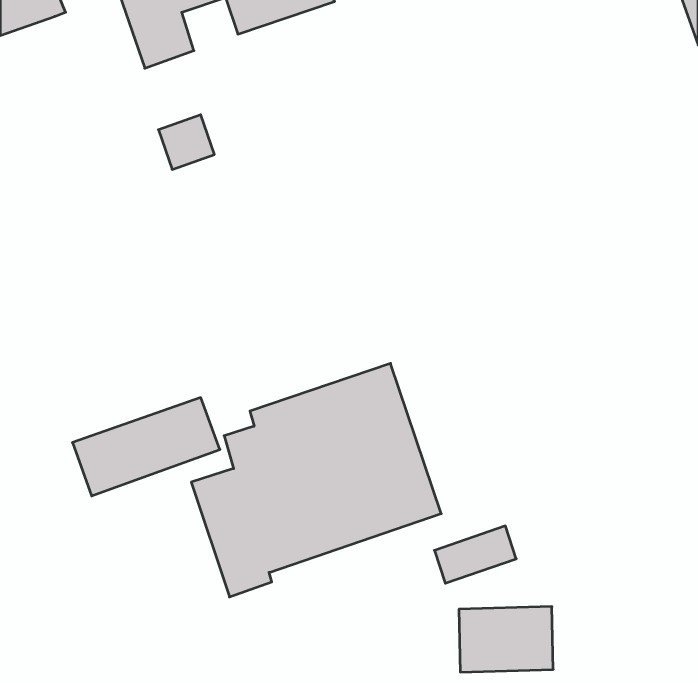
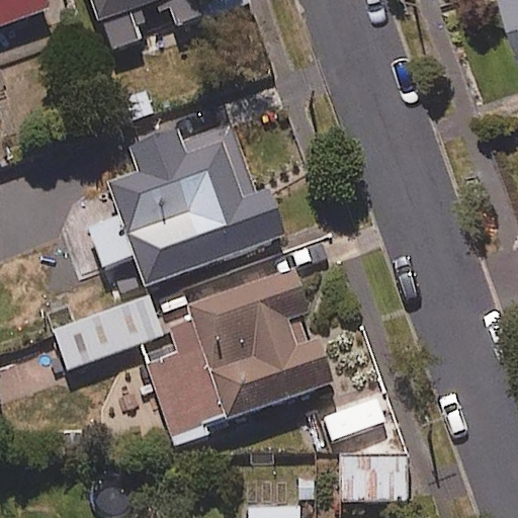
building: none -> [90,119,286,288]

